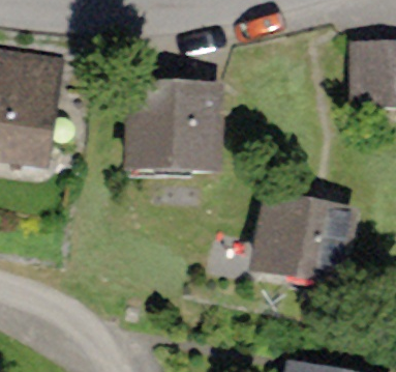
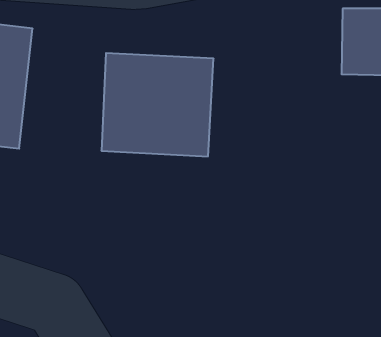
building: [249,193,356,290] -> none

